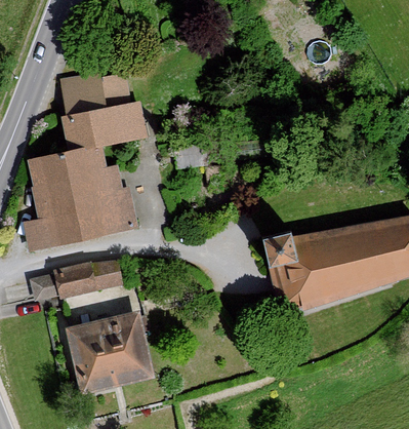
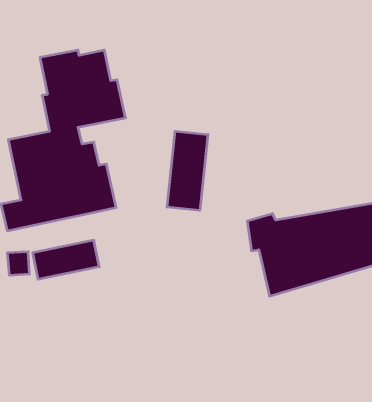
building: none -> [167,131,208,210]
building: [68,315,149,391] -> none

